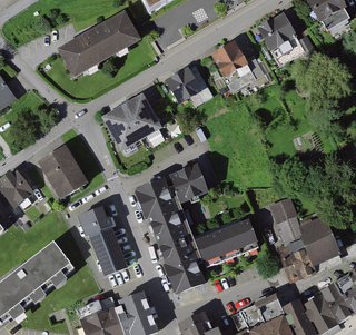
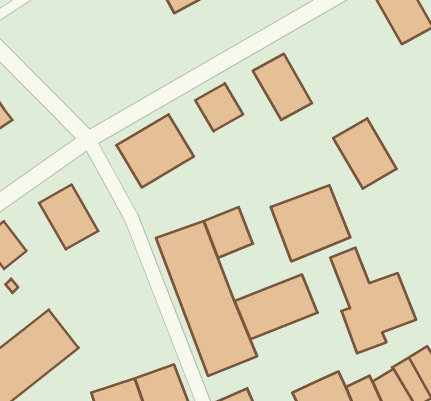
building: [59,9,142,76] -> none
building: [255,16,305,71] -> [333,118,397,189]
building: none -> [271,185,350,261]
building: [81,205,128,275] -> none

